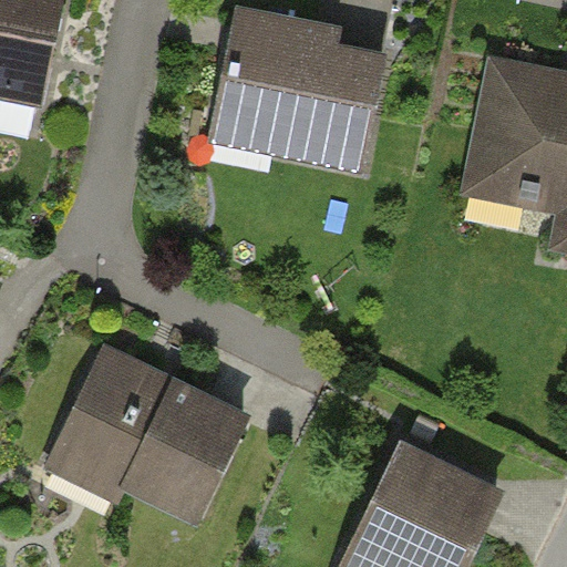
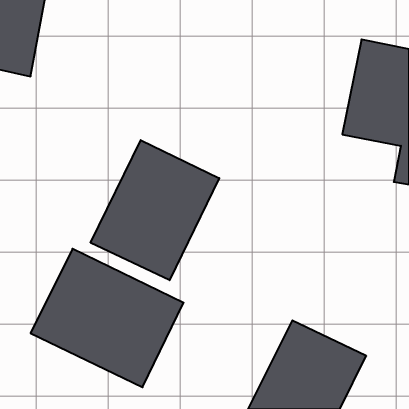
building: [214,7,385,174] -> none
building: none -> [91,140,219,280]

